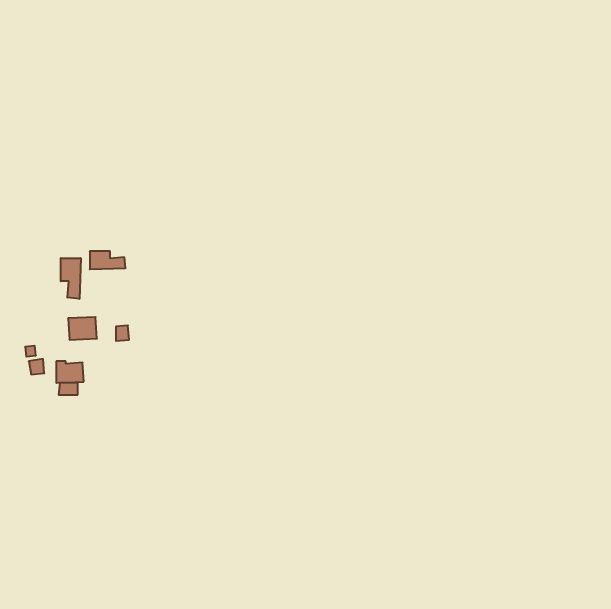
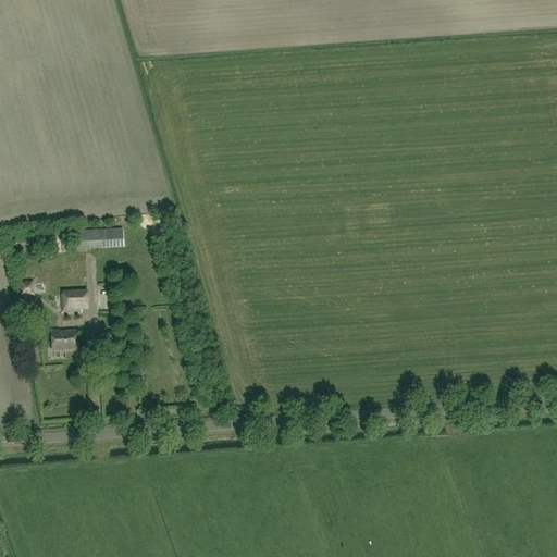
building: [61,258,81,299] -> none

